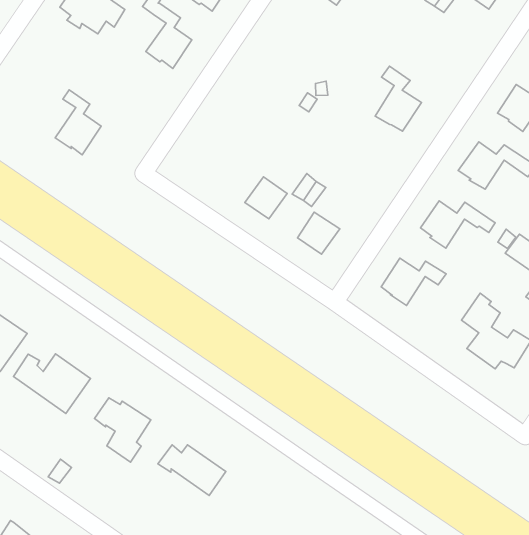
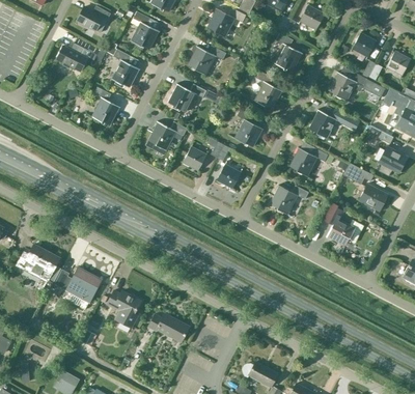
building: none -> [274,33,301,72]
building: none -> [187,47,226,75]
building: none -> [168,84,206,112]
building: [55,90,101,155] -> [91,87,118,125]
building: none -> [234,109,261,147]
building: none -> [145,121,187,154]

